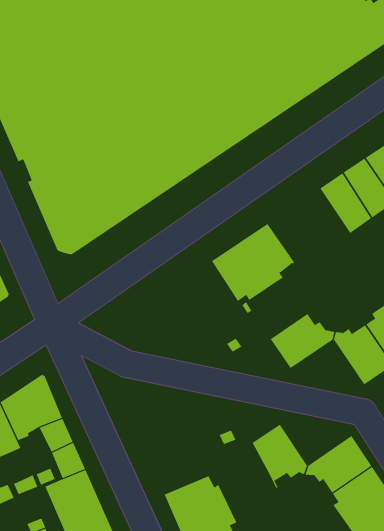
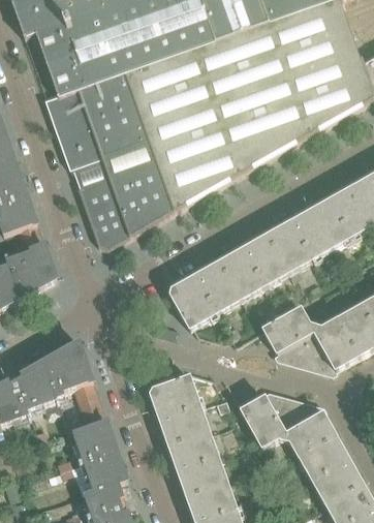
building: none -> [267,209,332,268]
building: none -> [169,260,238,328]
building: none -> [276,331,334,371]
building: none -> [150,374,206,444]
building: none -> [264,392,321,430]

